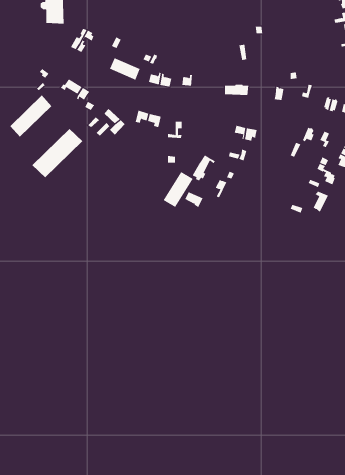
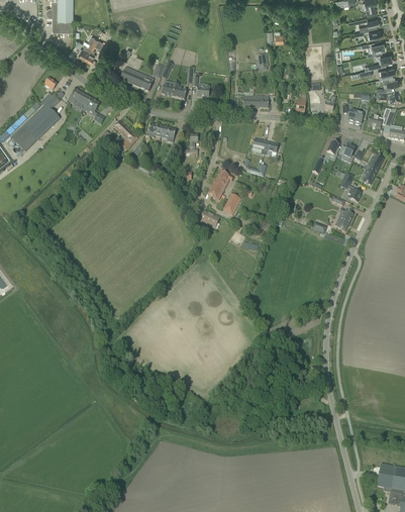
building: [32,128,83,178] -> none
building: [163,171,193,208] -> none

